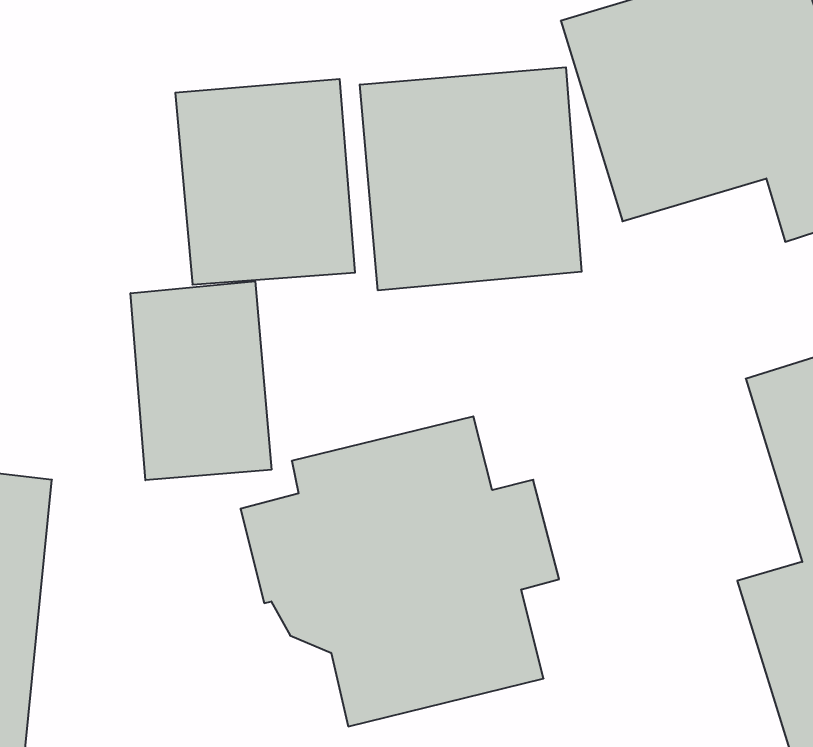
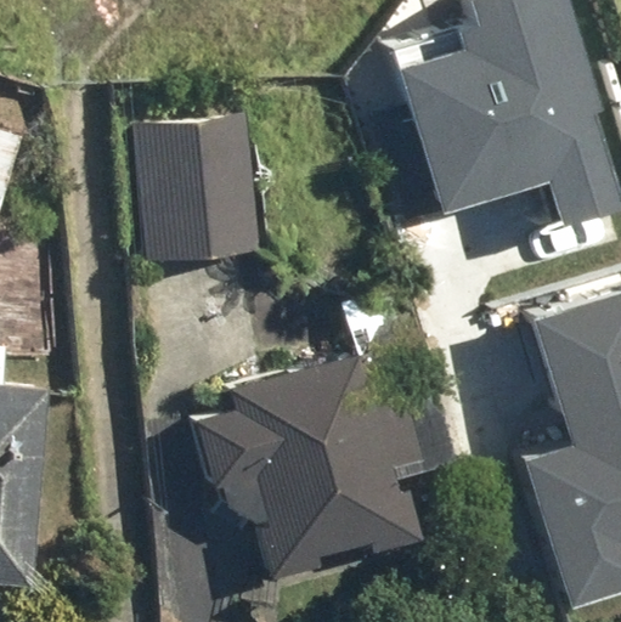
building: [360,67,582,290] -> none
building: [131,281,271,480] -> none

